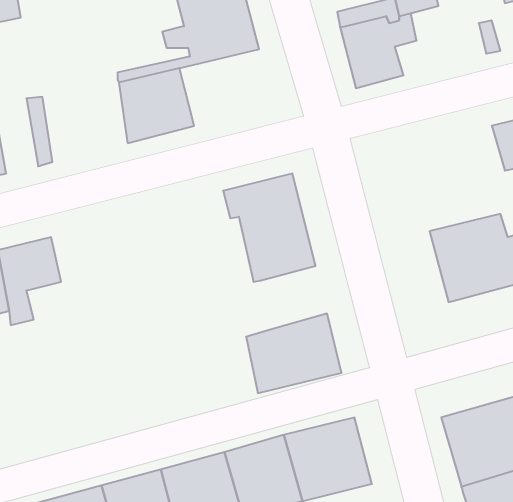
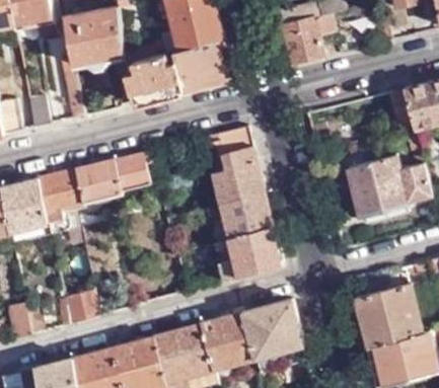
building: none -> [65,13,125,69]
building: none -> [168,40,234,93]
building: none -> [78,152,151,203]
building: none -> [225,191,272,236]
building: none -> [61,291,95,324]

